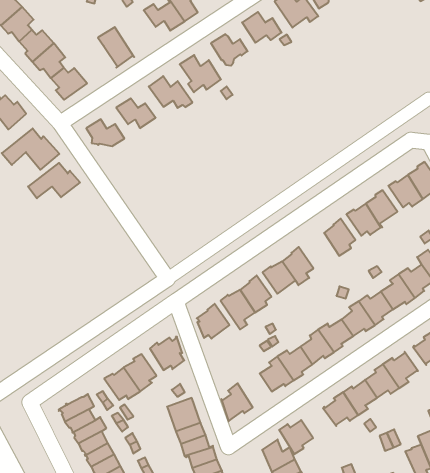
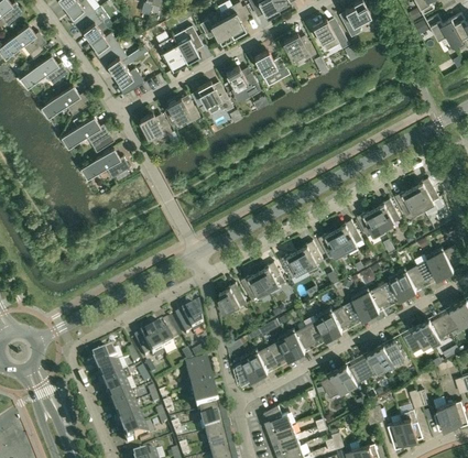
building: none -> [173,26,200,64]
building: none -> [318,231,347,258]
building: [279,420,313,454] -> [249,347,277,375]

